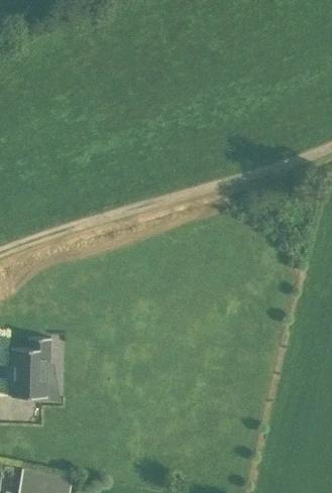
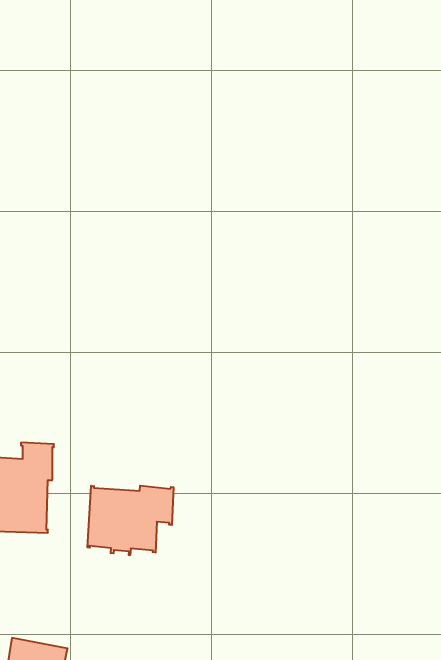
building: none -> [87,486,174,555]

